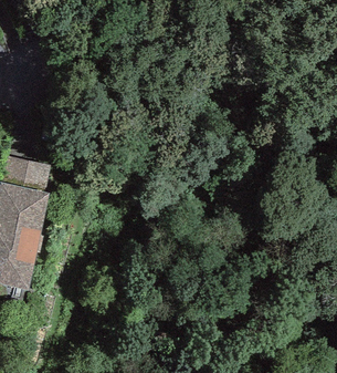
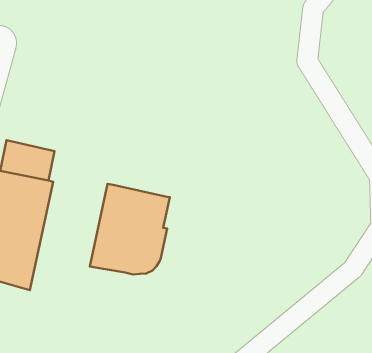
building: none -> [90,184,170,275]

